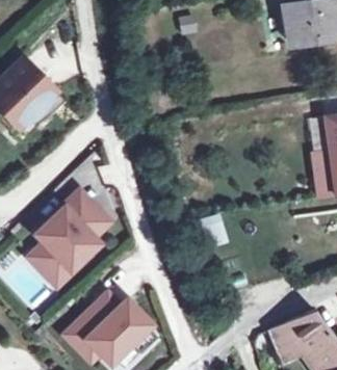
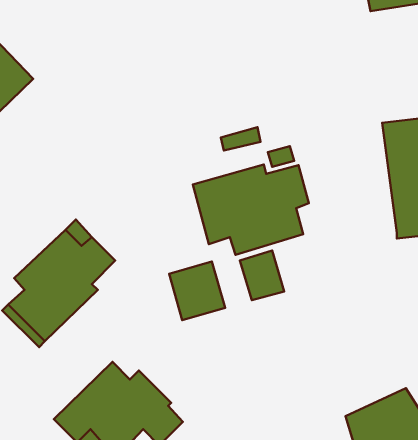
building: none -> [193,164,309,255]
building: none -> [169,261,225,320]

